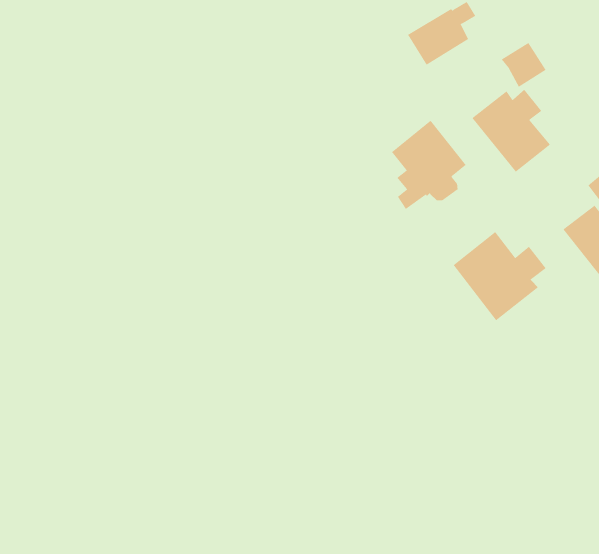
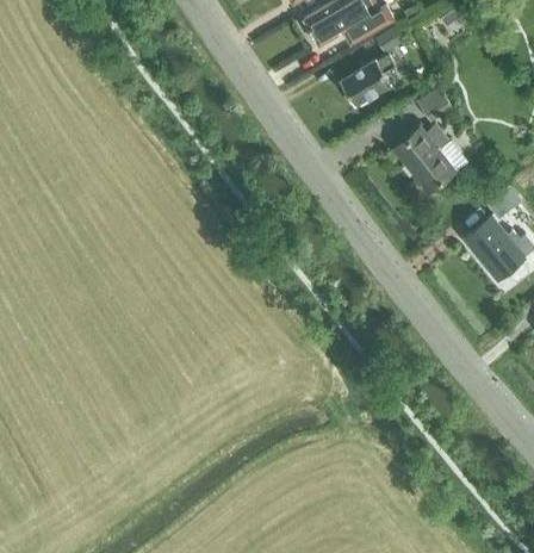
building: [391,120,466,210] -> none
building: [453,231,547,321] -> none

